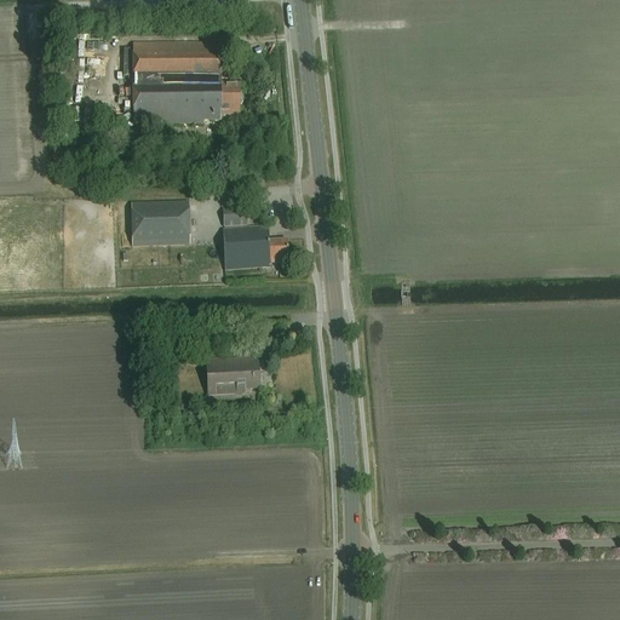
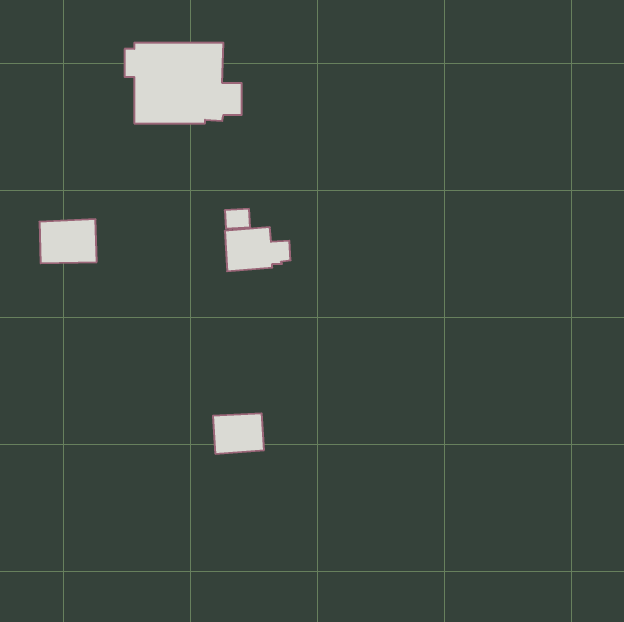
building: [132,201,189,245] -> [39,219,97,263]
building: [207,355,258,395] -> [213,413,264,454]

